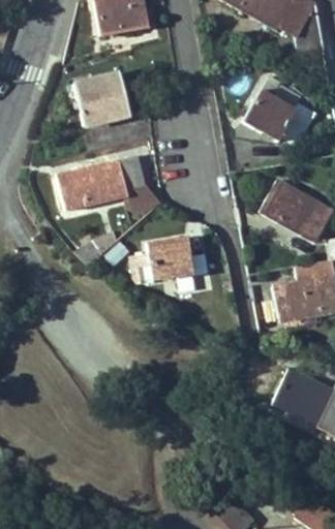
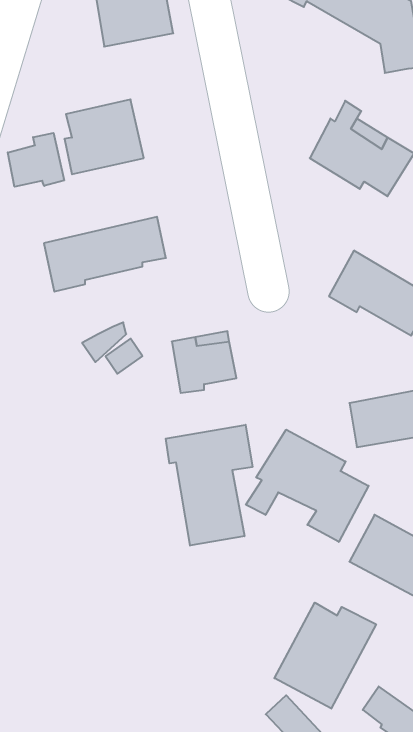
building: none -> [8,133,64,187]
building: none -> [166,425,252,546]
building: none -> [246,430,369,542]
building: none -> [274,603,376,709]

